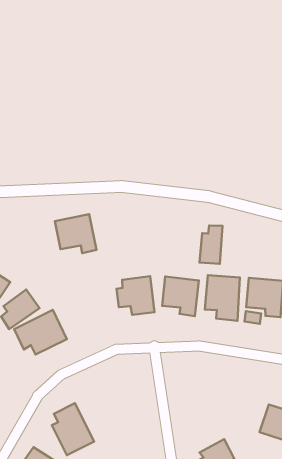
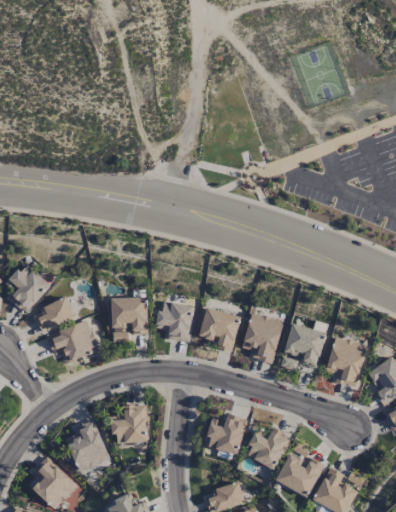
building: [55,214,96,253] -> [111,297,148,335]
building: [200,225,222,264] -> none
building: none -> [207,414,248,455]
building: none -> [111,405,148,443]
building: none -> [245,428,292,470]

